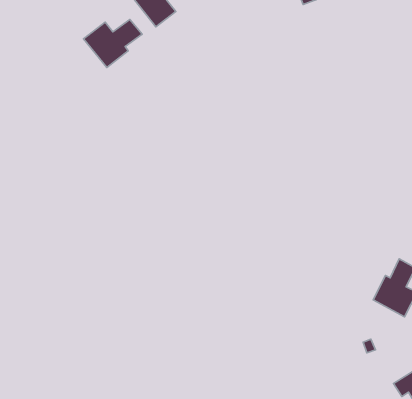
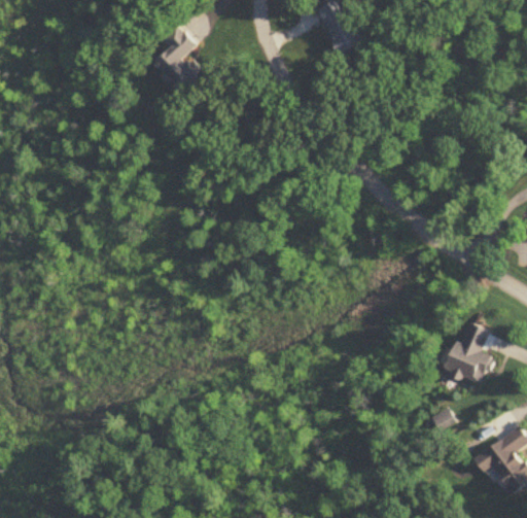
building: [83,19,142,68] -> none

